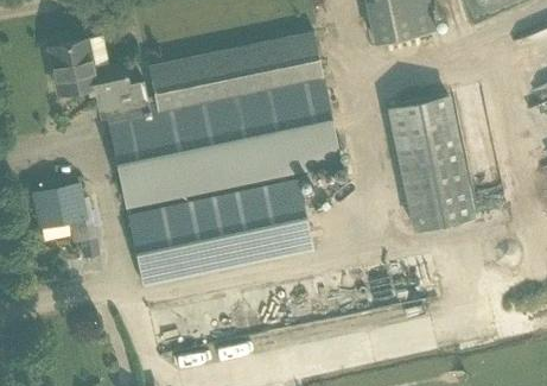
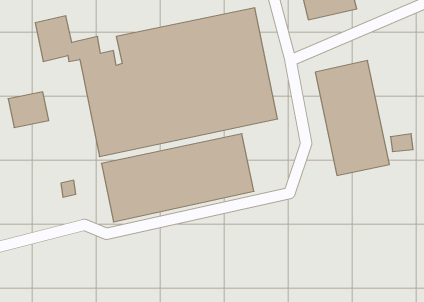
building: [36,184,84,227] -> [8,92,49,128]

